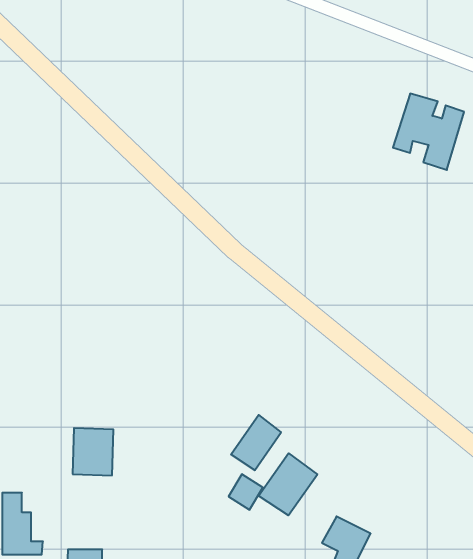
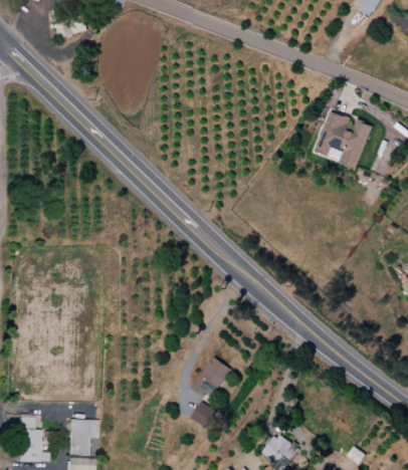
building: [73,428,113,475] -> [67,419,98,455]
building: [259,453,317,515] -> none

